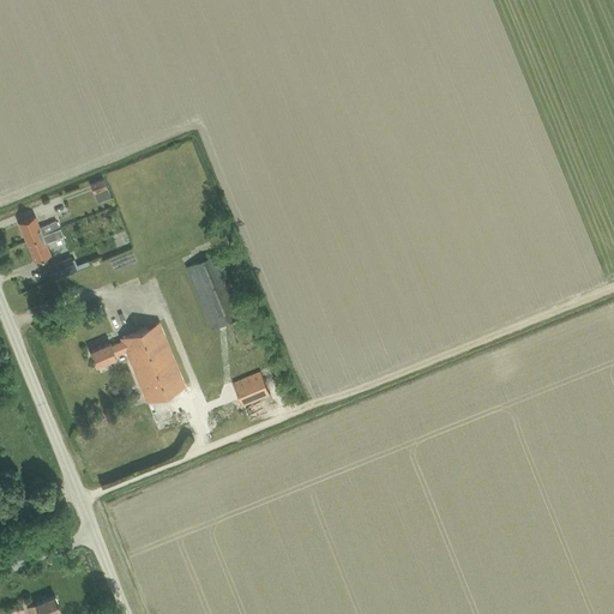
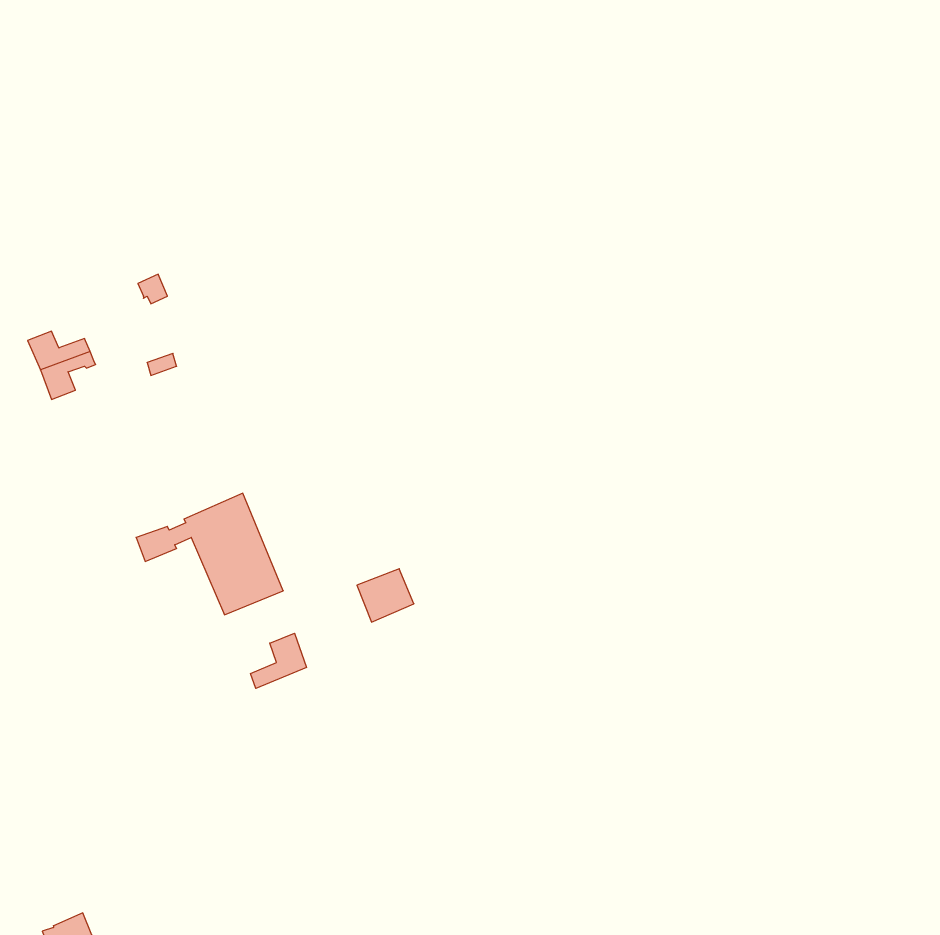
building: [185,254,248,332] -> none
building: none -> [250,633,306,688]

